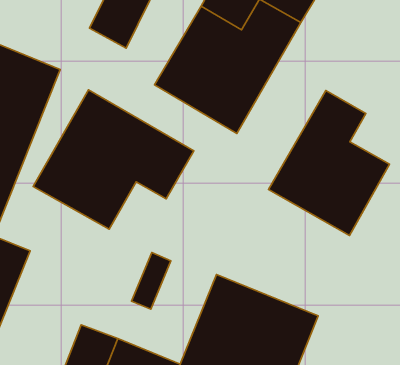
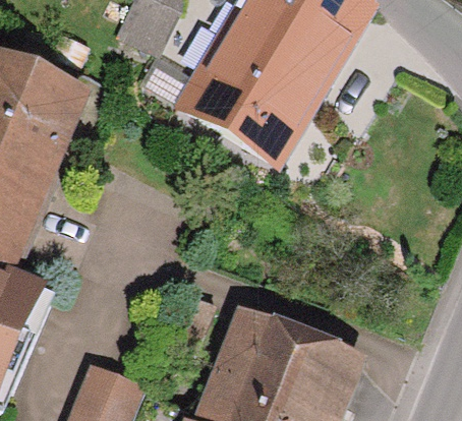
building: [33,90,194,229] -> none
building: [269,90,389,235] -> none

